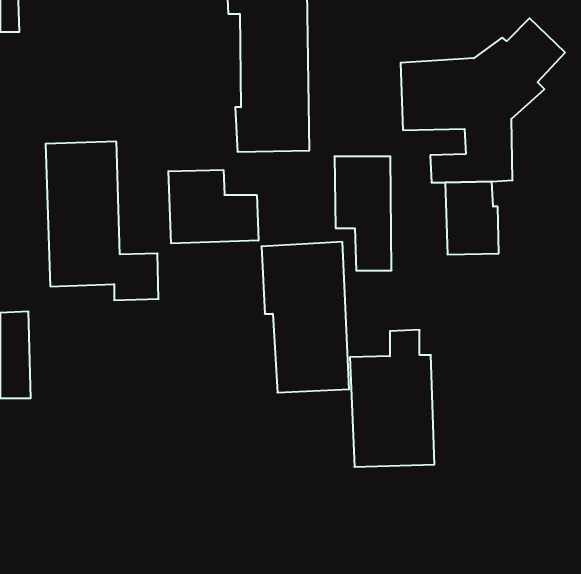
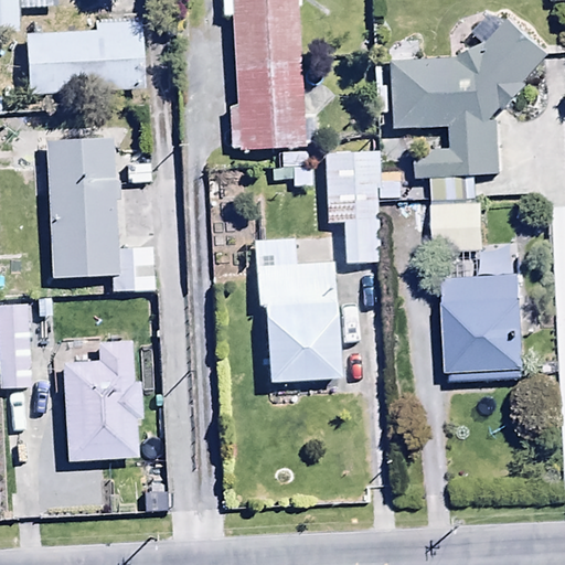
building: none -> [26,20,145,93]
building: [168,170,258,243] -> none
building: [350,330,434,467] -> [446,248,527,381]
building: none -> [65,342,142,459]

